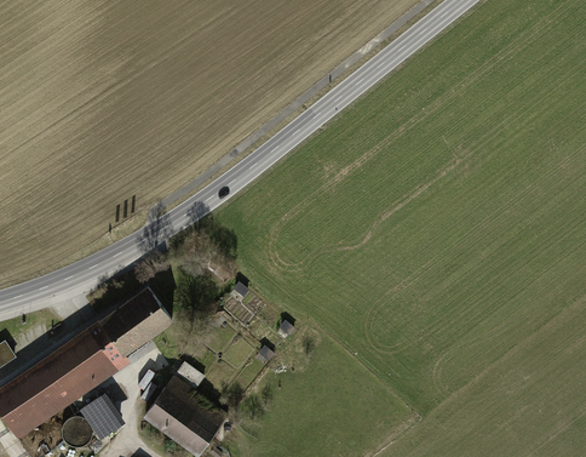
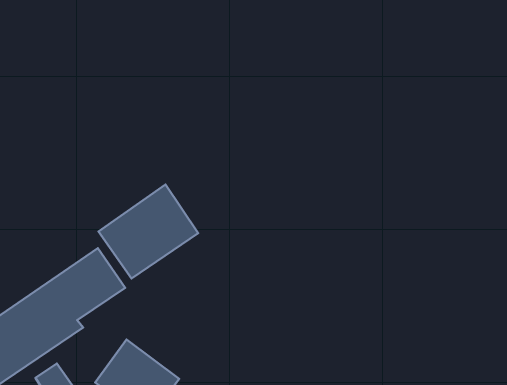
building: none -> [99,185,198,279]

